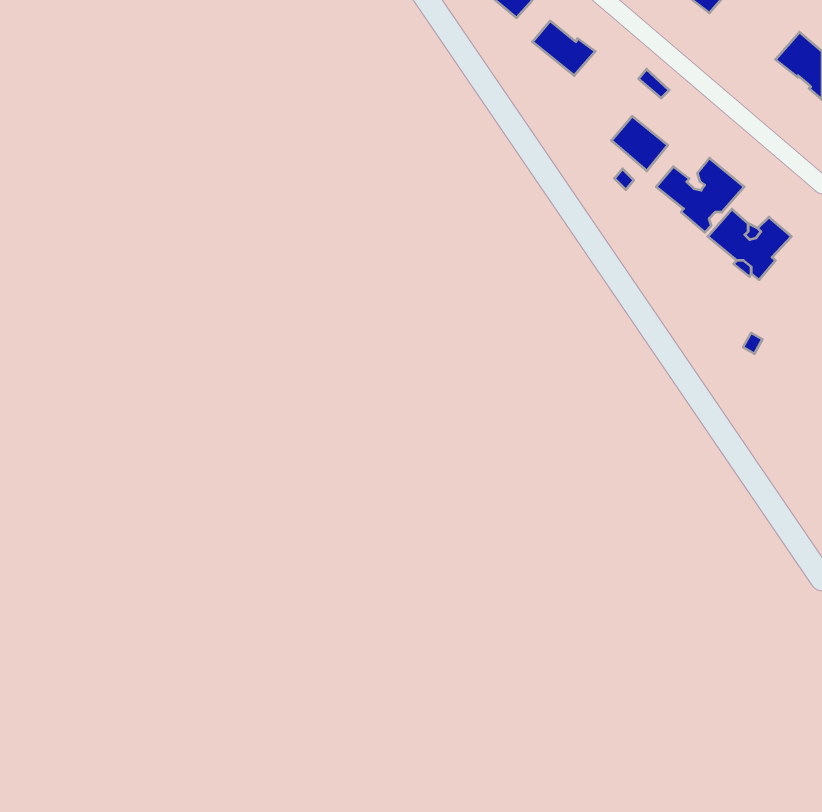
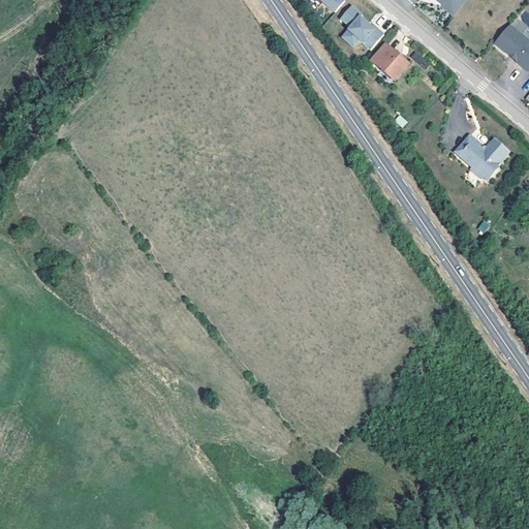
building: [611,116,668,171] -> [370,43,406,79]
building: [656,158,744,232] -> none

